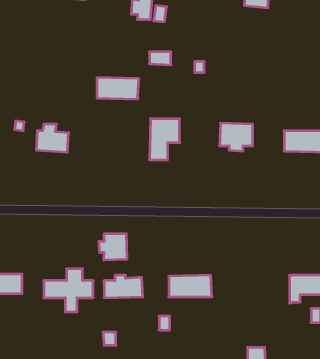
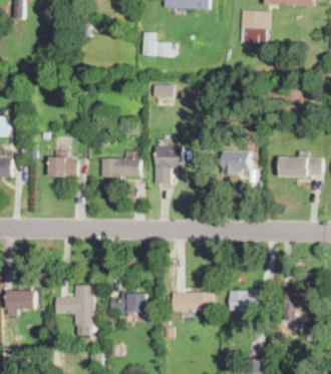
building: [97,78,139,99] -> [101,157,140,177]
building: [99,234,127,260] -> none
building: none -> [229,291,267,321]

